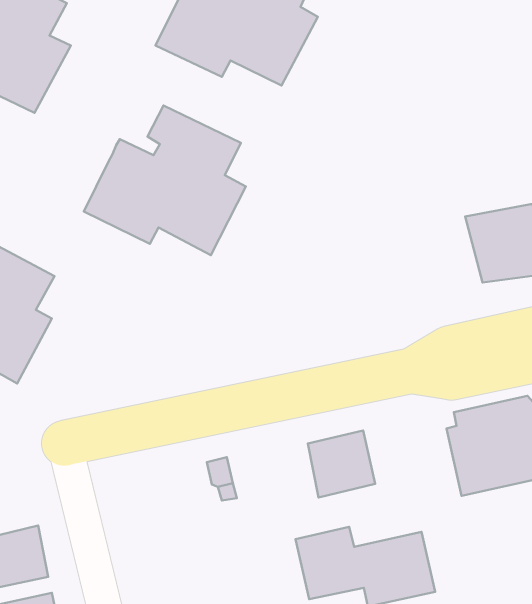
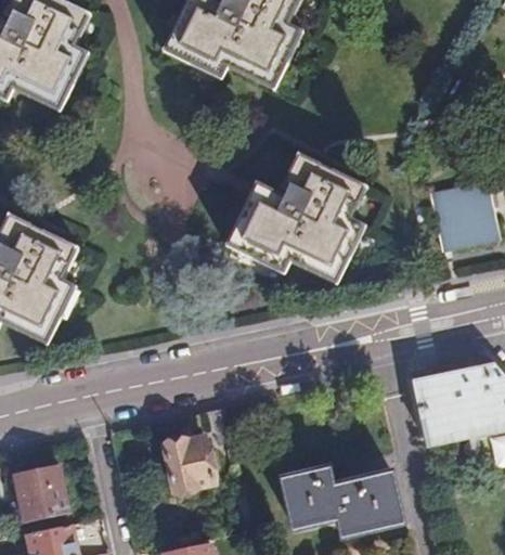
building: [84,105,246,255] -> [219,146,360,276]
building: [308,430,375,497] -> none
building: none -> [166,436,221,493]

